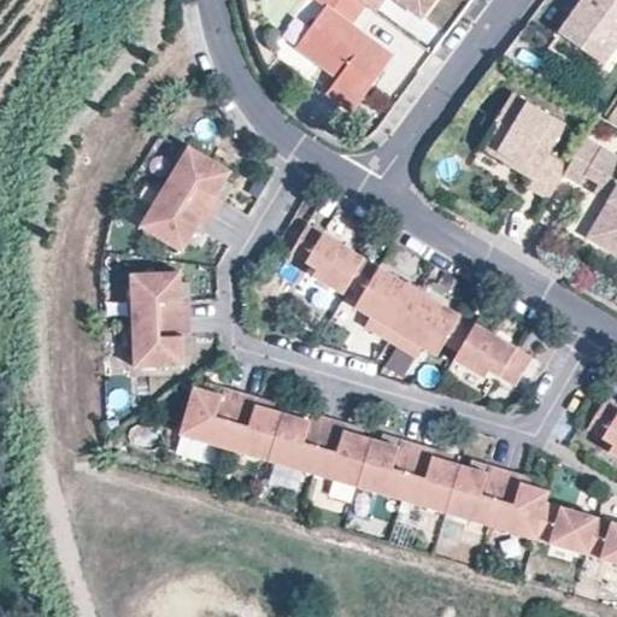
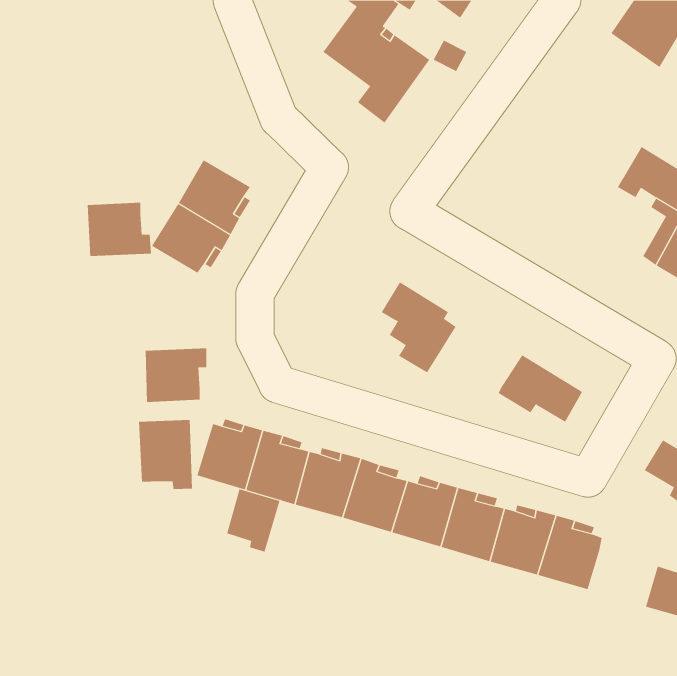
building: [477,90,566,196] -> none
building: [289,224,364,293] -> none
building: [130,271,189,321] -> [87,202,152,257]
building: [389,298,475,357] -> none
building: none -> [138,419,193,490]
building: none -> [226,488,280,552]
building: [535,501,598,553] -> none

